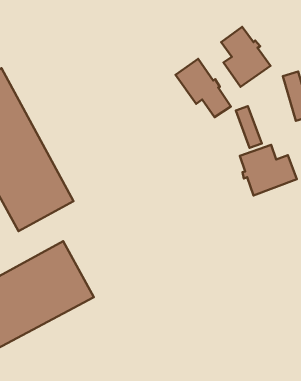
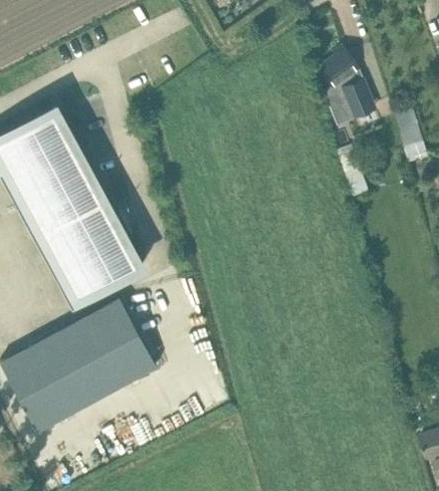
building: [176,59,231,117] -> none
building: [240,145,297,195] -> none

